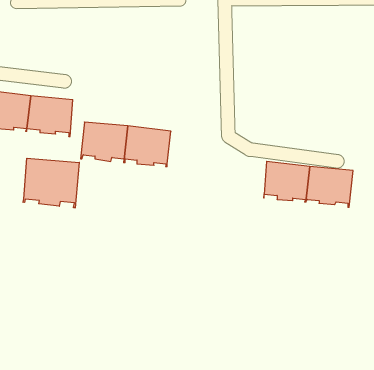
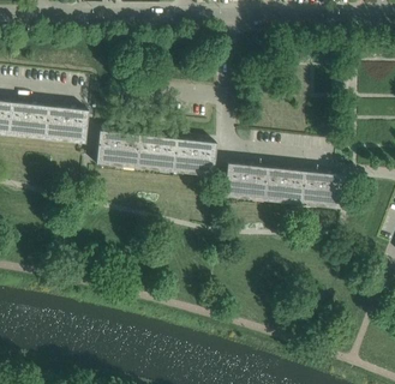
building: none -> [174,139,216,176]
building: none -> [223,163,265,200]
building: [23,158,79,208] -> none

